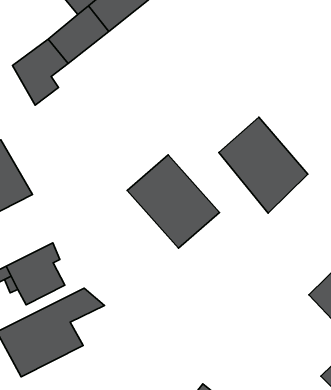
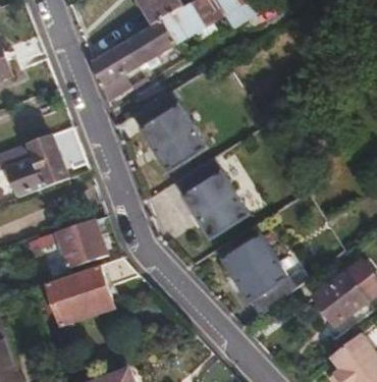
building: none -> [131,89,207,170]
building: [219,117,308,213] -> [224,233,298,317]

